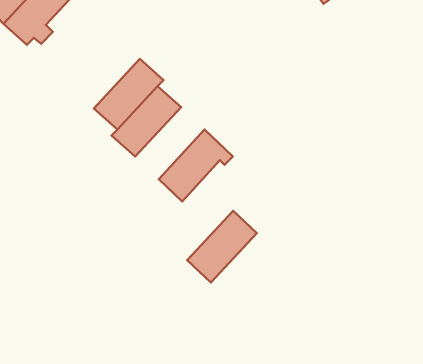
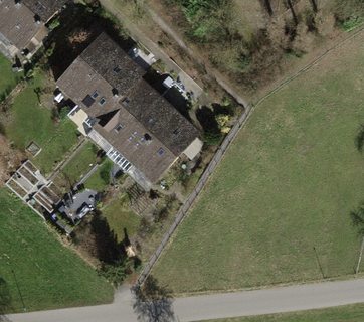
building: none -> [61,35,121,97]
building: [187,211,257,283] -> [117,96,176,157]

